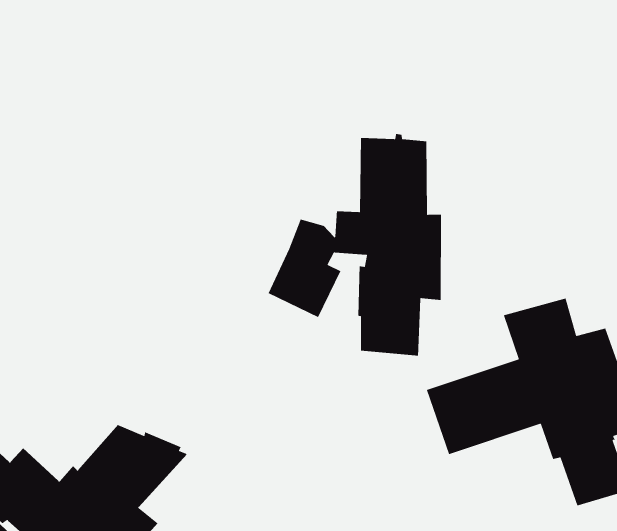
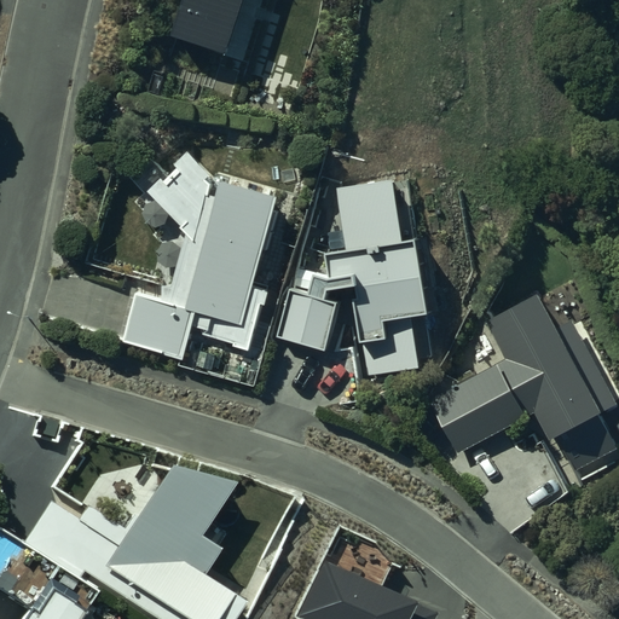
building: none -> [122,152,279,358]

